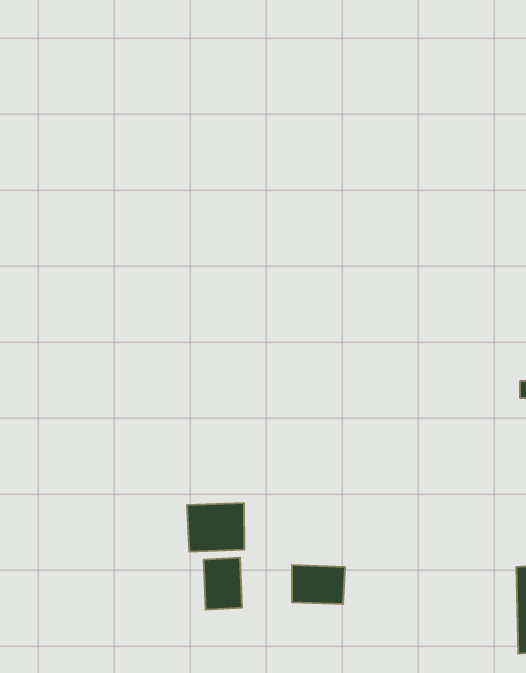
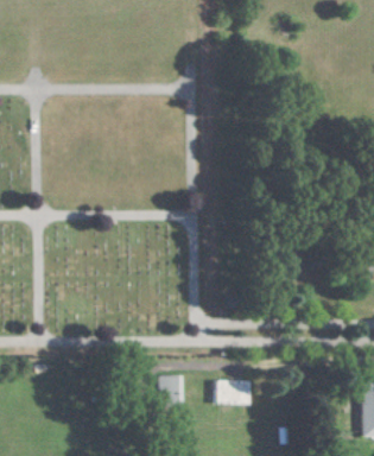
building: [187,503,244,552] -> none

